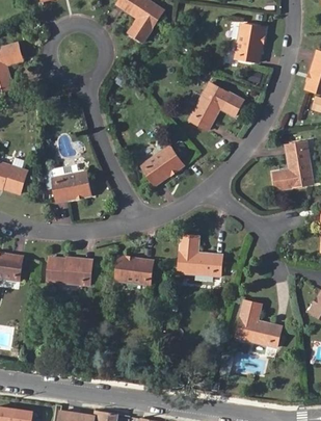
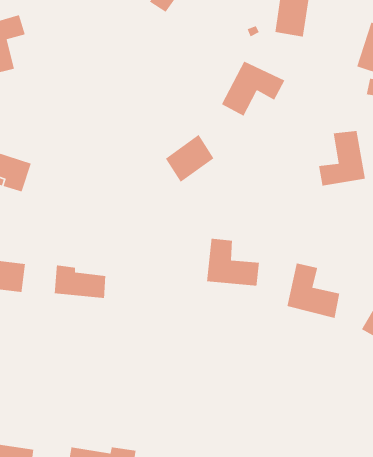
building: [52,170,91,202] -> none
building: [115,256,154,284] -> none
building: [235,299,280,347] -> [286,263,340,319]

